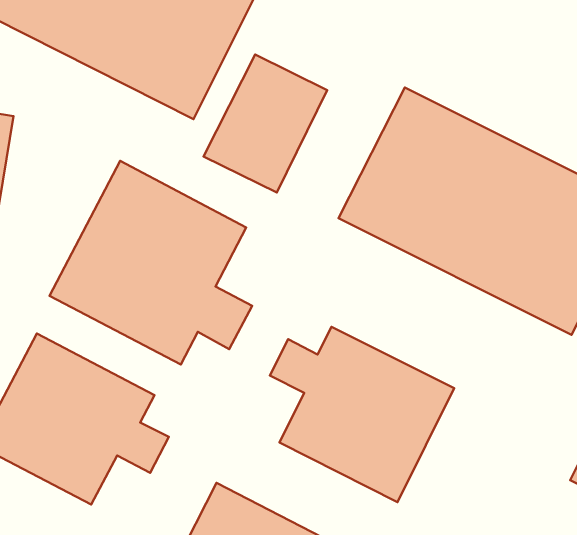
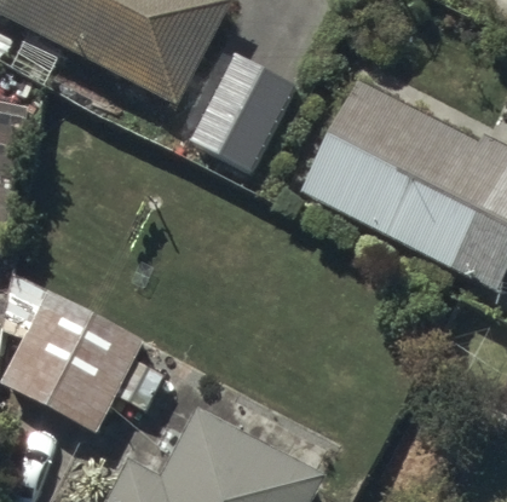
building: [50,161,252,365] -> none
building: [270,327,454,502] -> none

